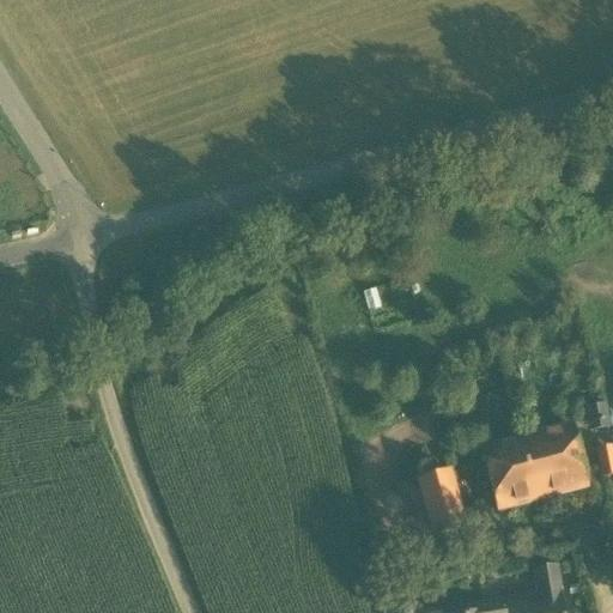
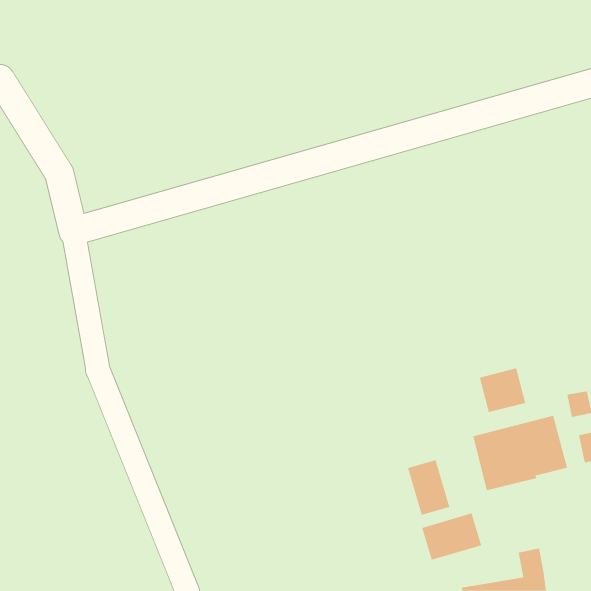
building: none -> [479,368,526,413]
building: none -> [421,513,482,561]

